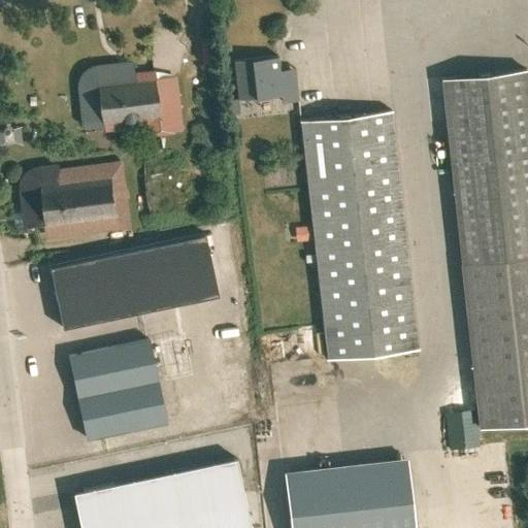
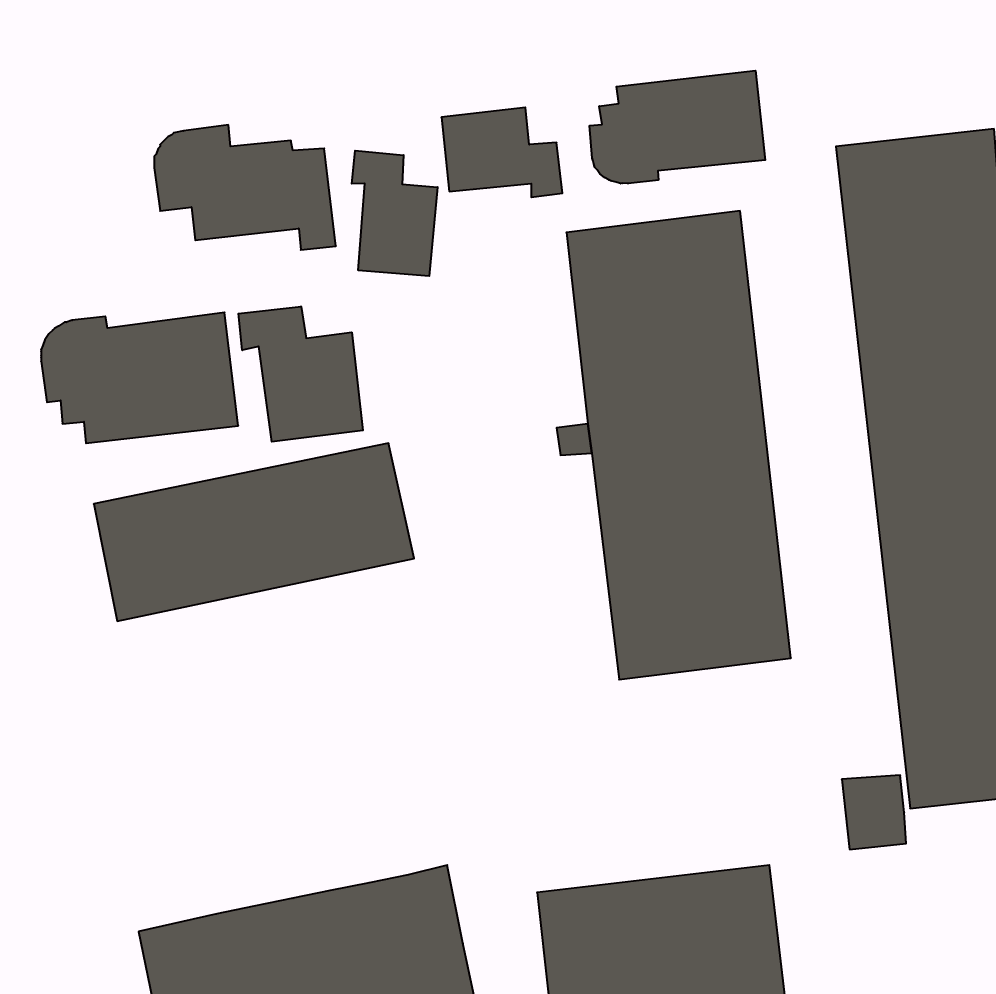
building: none -> [590,71,765,184]
building: none -> [352,151,438,276]
building: none -> [238,306,363,442]
building: [69,341,167,439] -> none

